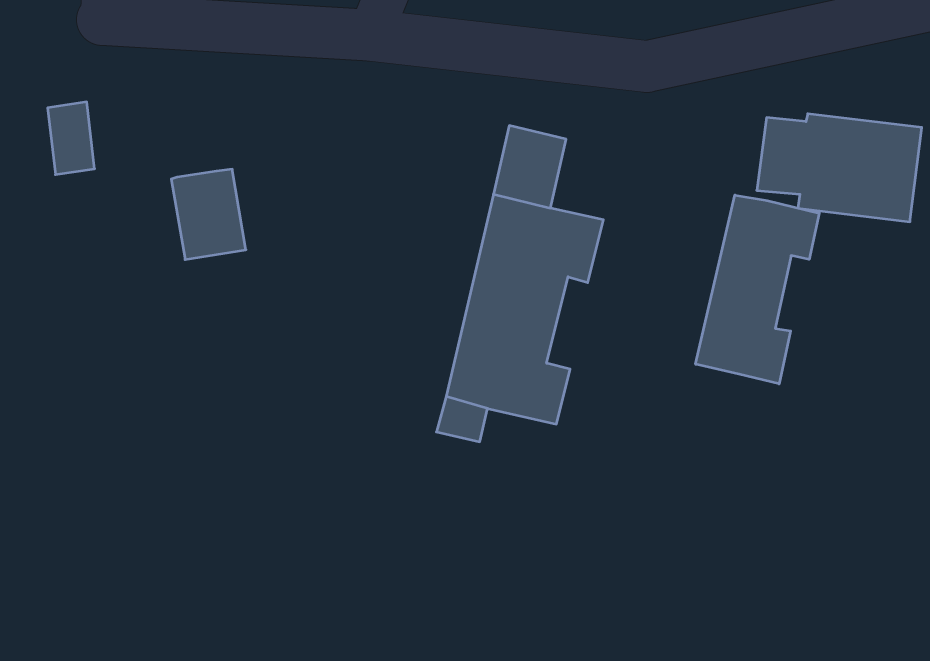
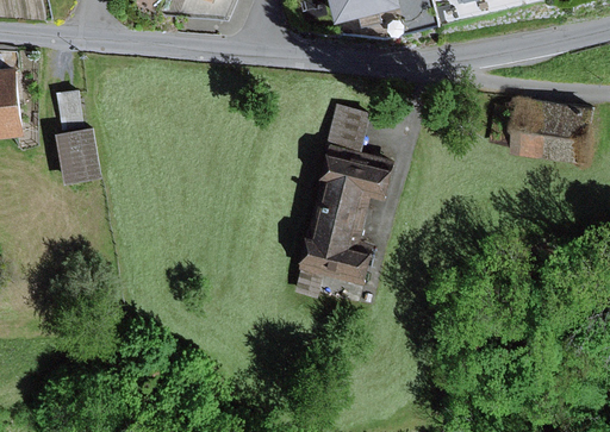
building: [171,169,246,260] -> [56,130,101,184]
building: [696,195,819,384] -> none

